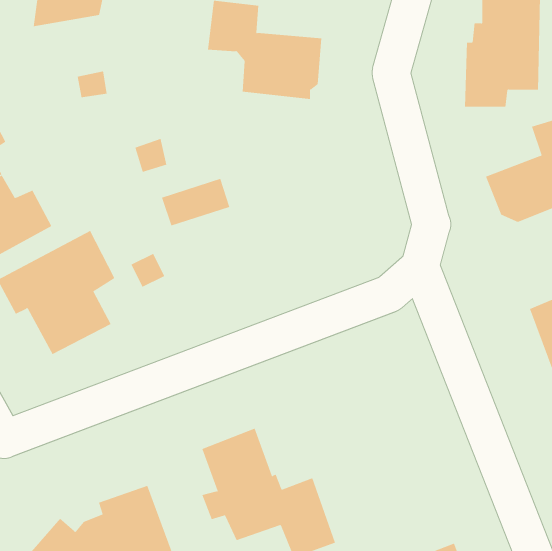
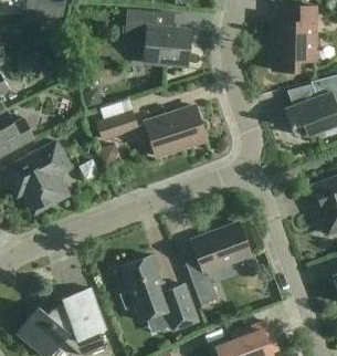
building: none -> [146,106,207,157]
building: none -> [187,223,251,305]

